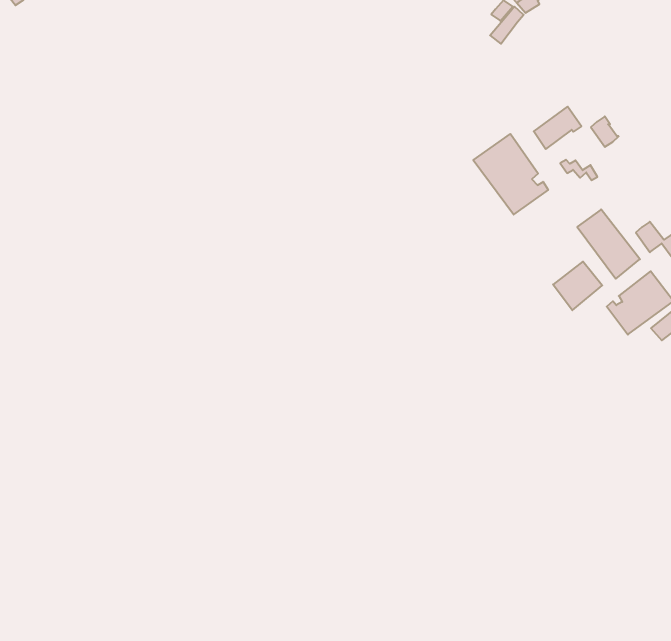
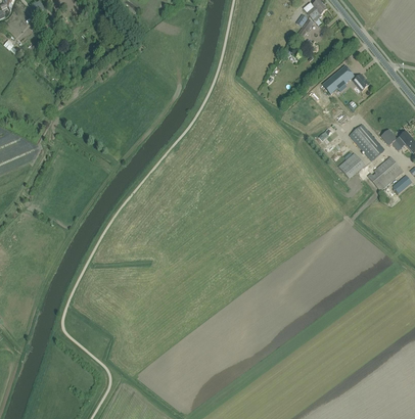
building: [473,134,548,215] -> none

